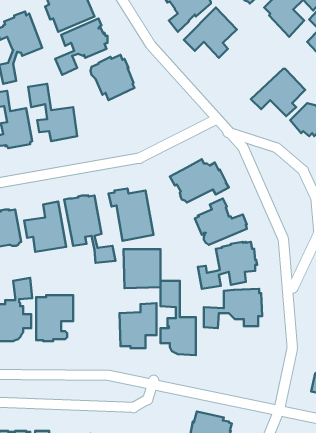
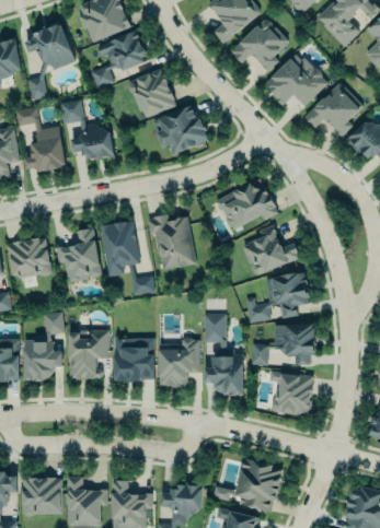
building: none -> [265,55,327,106]
building: none -> [152,104,210,157]
building: [123,249,161,288] -> [113,340,153,383]
building: none -> [269,371,312,415]

